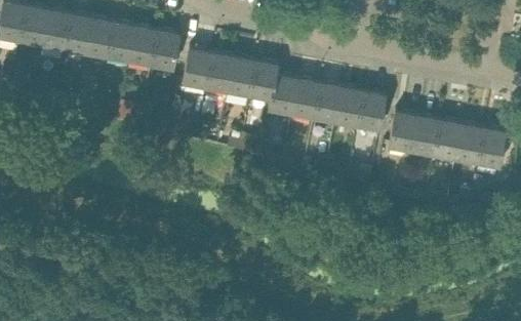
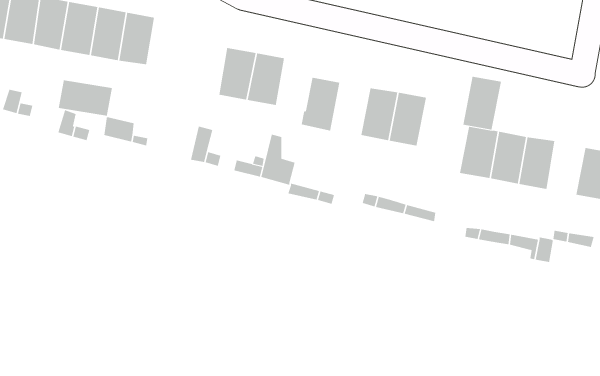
building: [152,31,181,71] -> none
building: [184,49,212,89] -> none
building: [250,62,279,102] -> none
building: none -> [58,79,113,117]
building: [291,80,321,120] -> none
building: [357,91,387,132] -> [463,76,502,130]
building: [455,124,484,165] -> none

